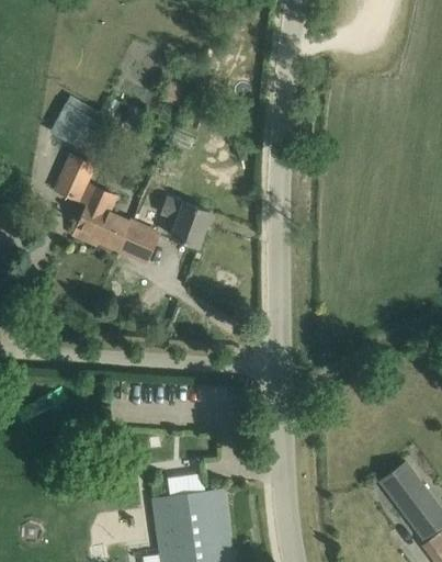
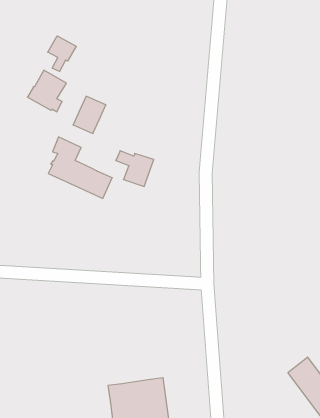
building: none -> [48,36,76,71]
building: [55,154,97,201] -> [73,96,106,134]

